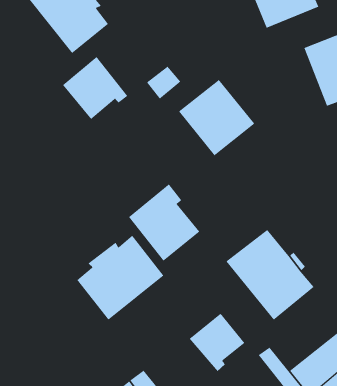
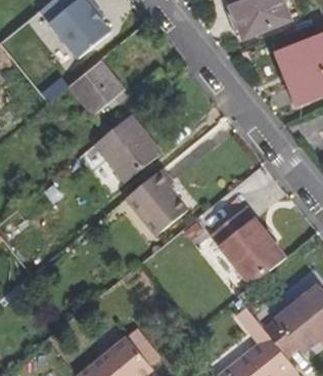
building: [178,79,255,156] -> [95,115,160,180]
building: [77,235,164,321] -> none
building: [189,313,245,372] -> none

